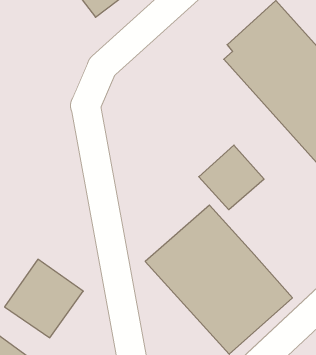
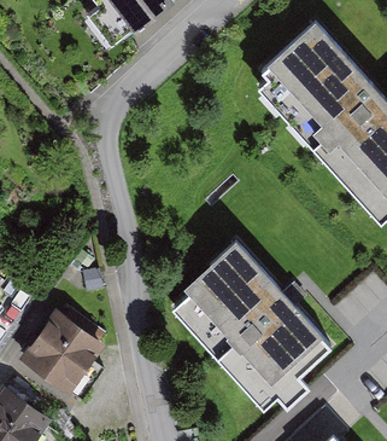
building: [199,145,264,210] -> none

